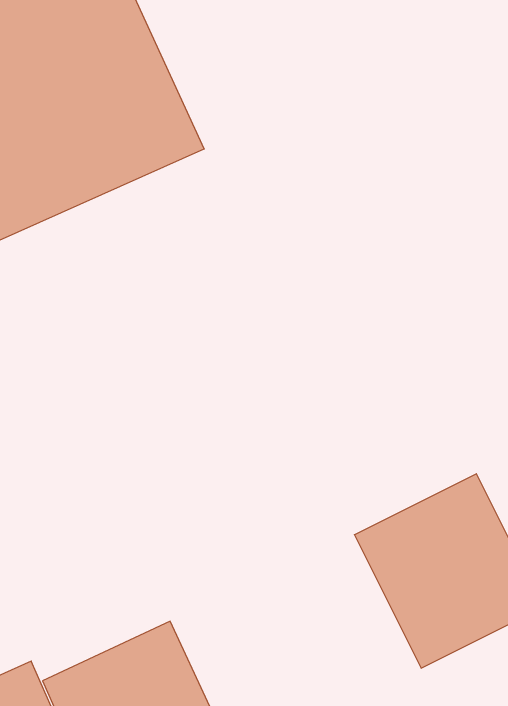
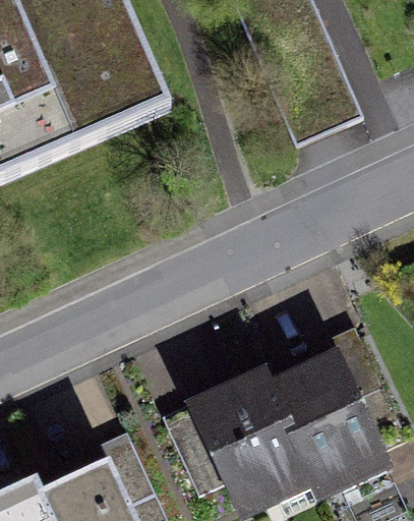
building: none -> [162,377,301,503]

